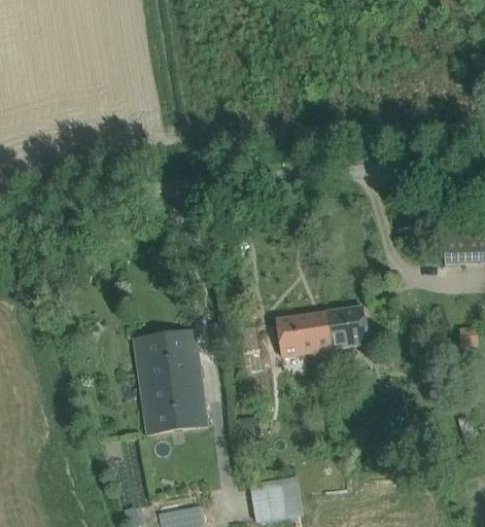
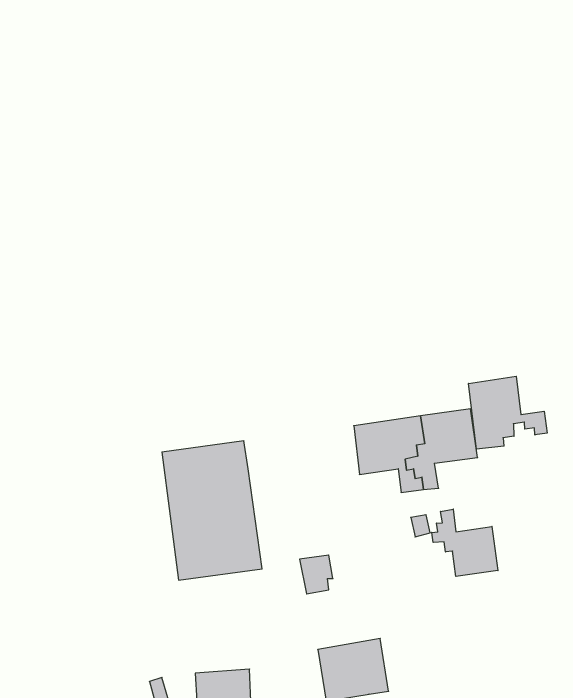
building: none -> [469,376,547,449]
building: none -> [432,509,498,576]

